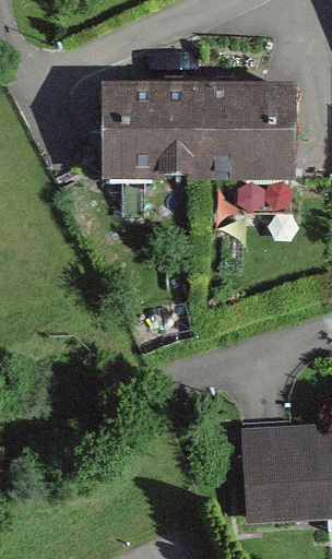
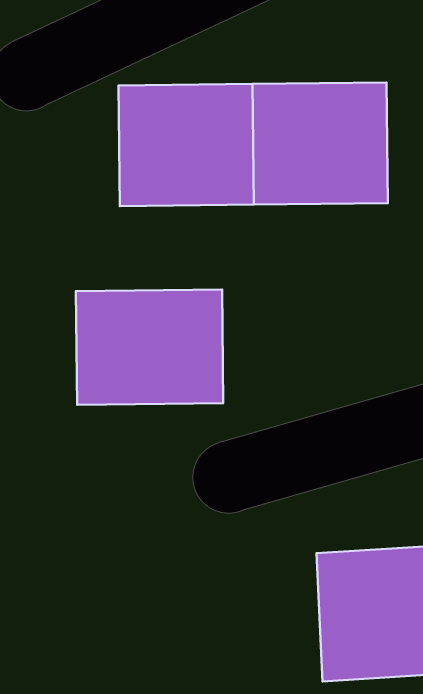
building: none -> [76,290,223,405]

